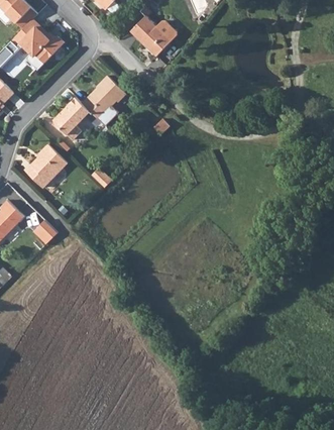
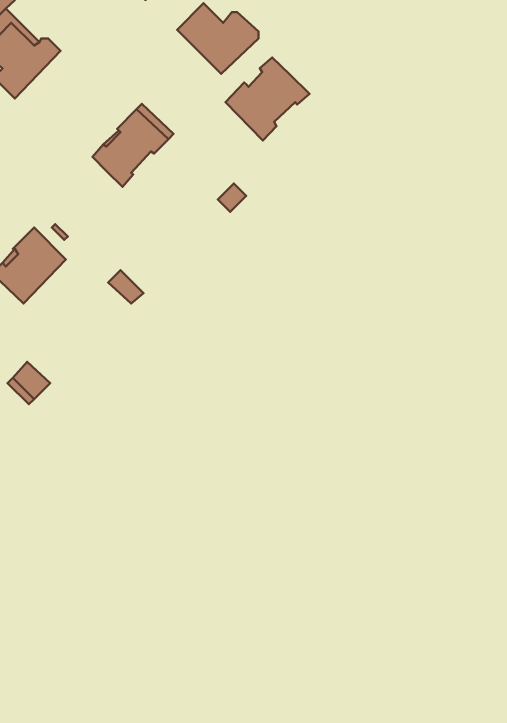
building: none -> [225,58,309,140]
building: [52,97,90,139] -> none

